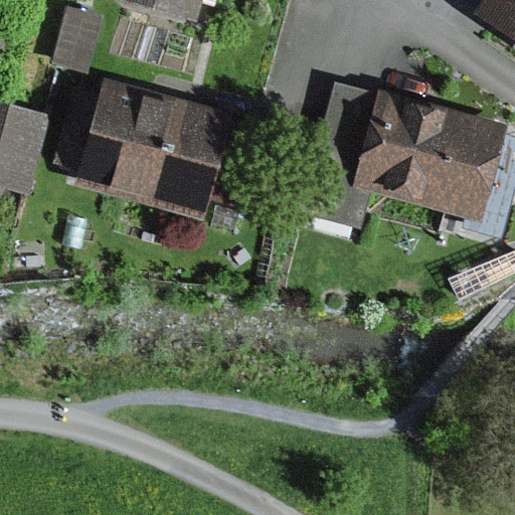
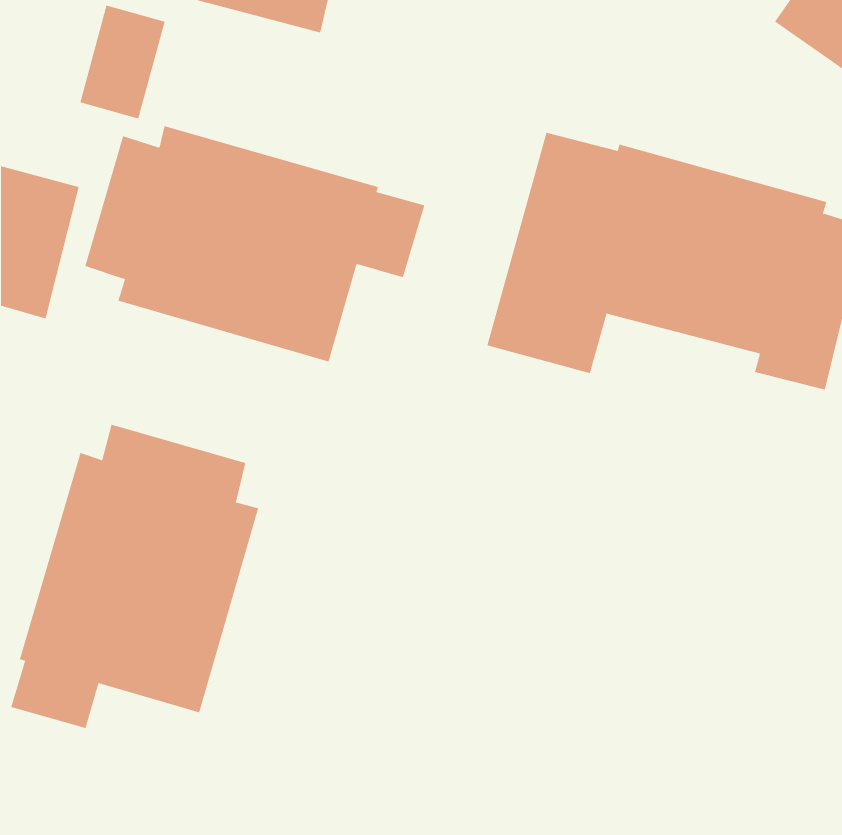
building: none -> [10,424,259,729]

